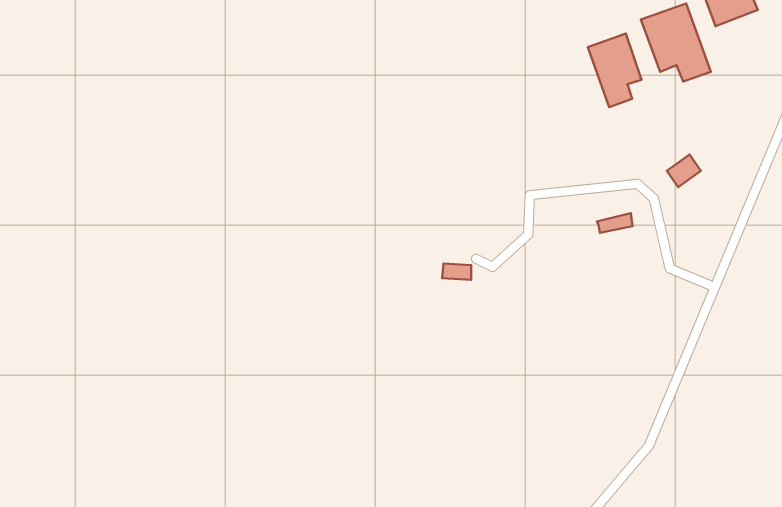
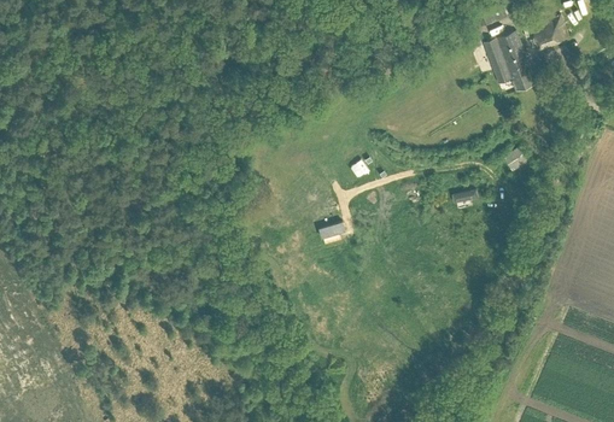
building: [588,34,641,107] -> none

